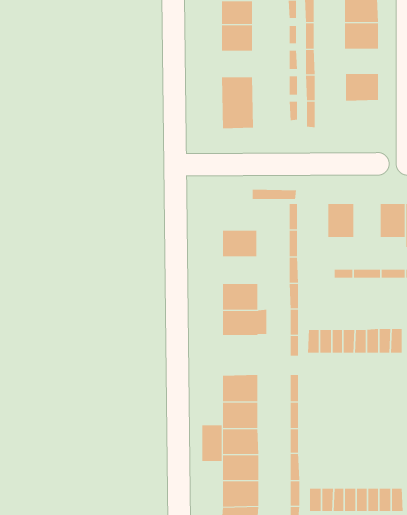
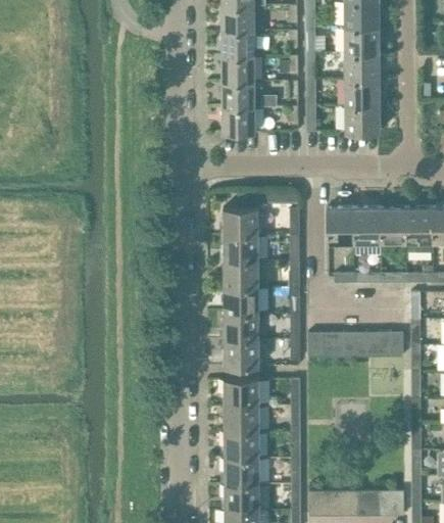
building: none -> [345,54,380,79]
building: none -> [223,56,254,82]
building: none -> [346,105,381,132]
building: none -> [224,208,258,235]
building: none -> [355,208,381,242]
building: none -> [224,262,259,288]
building: none -> [224,340,259,368]
building: [202,425,222,462] -> none

